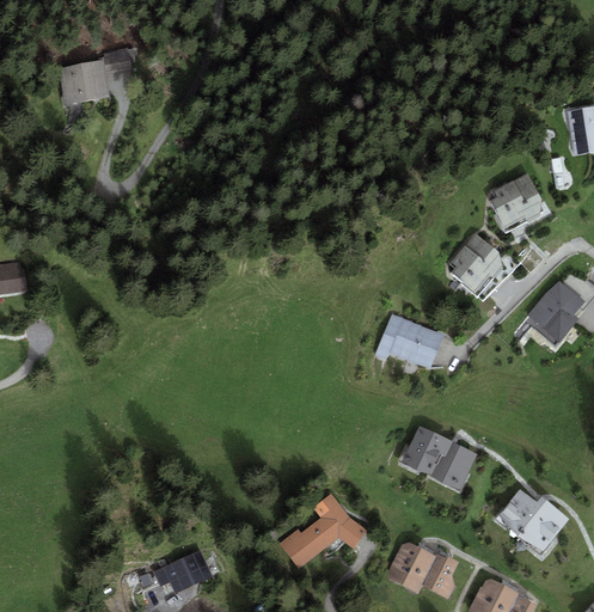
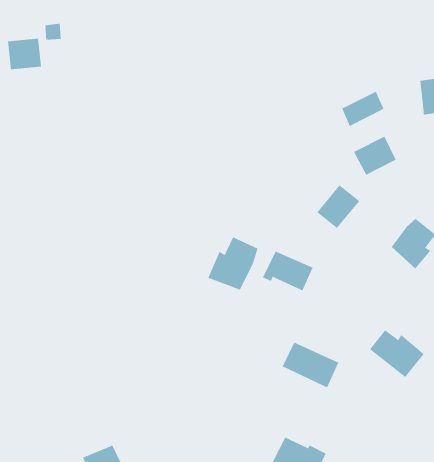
building: none -> [341,91,384,127]
building: none -> [207,236,258,291]
building: [500,491,567,550] -> [369,329,424,378]
building: [286,495,362,563] -> none

